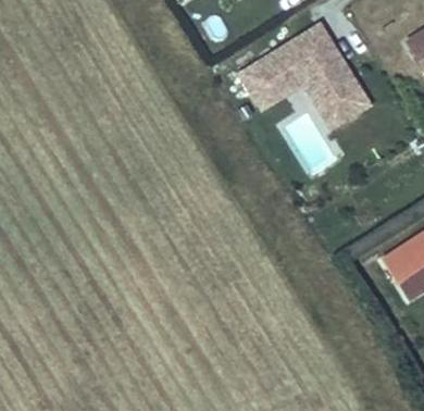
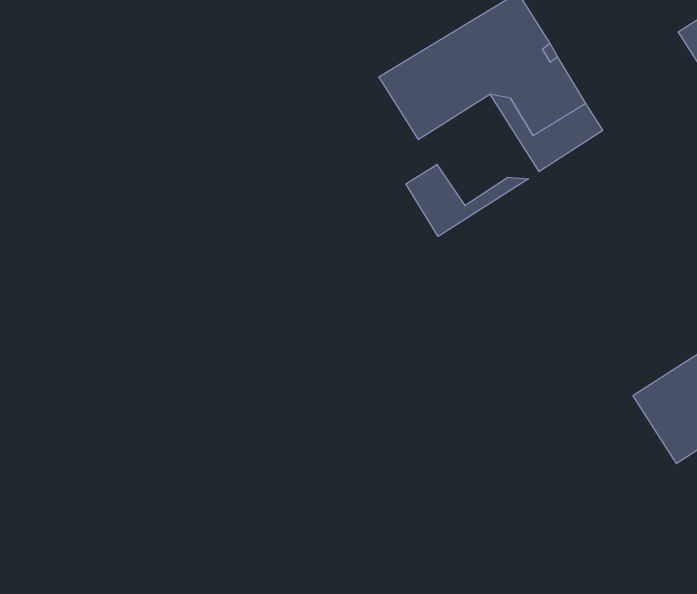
building: none -> [406,164,529,236]

